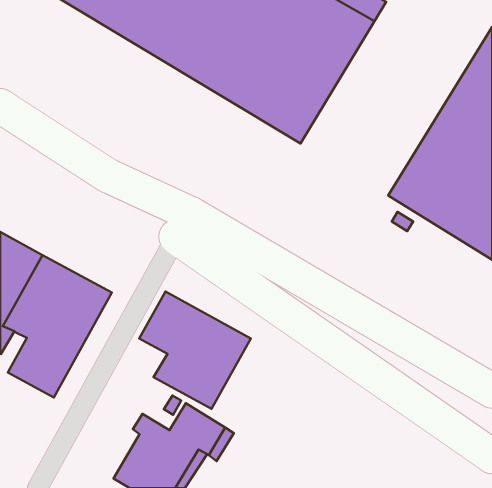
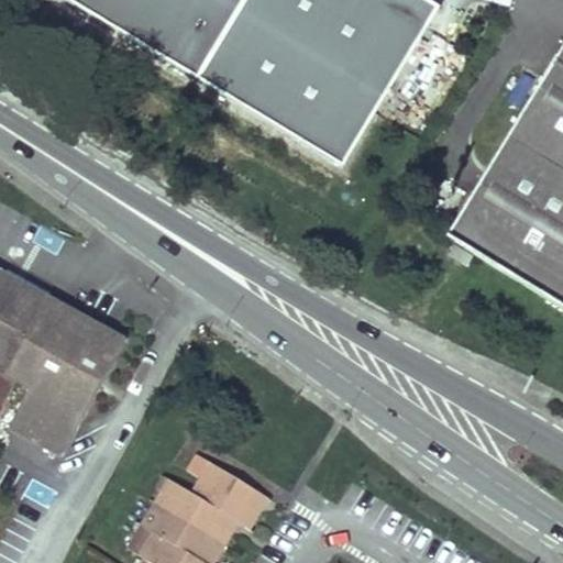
building: [139,292,251,409] -> none

